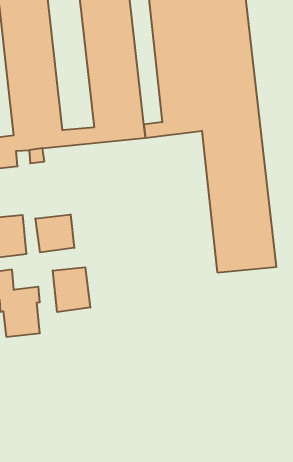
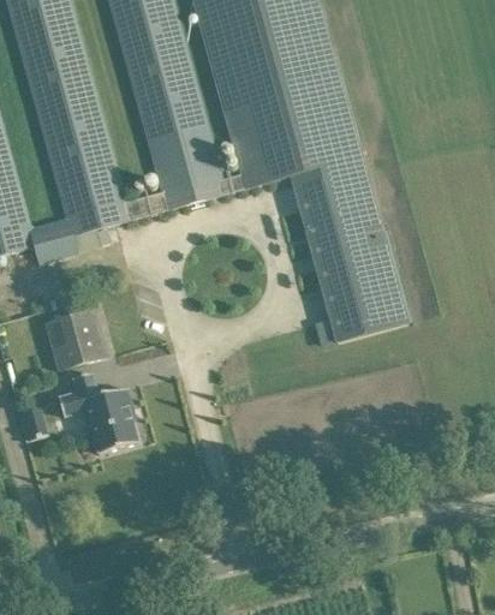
building: [35,214,74,252] -> none
building: [53,267,90,312] -> none

